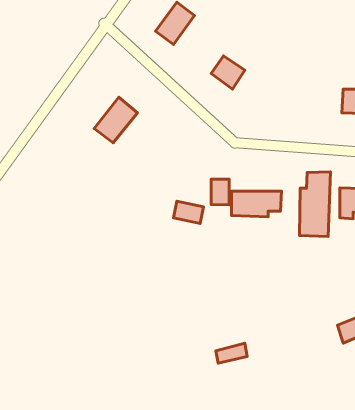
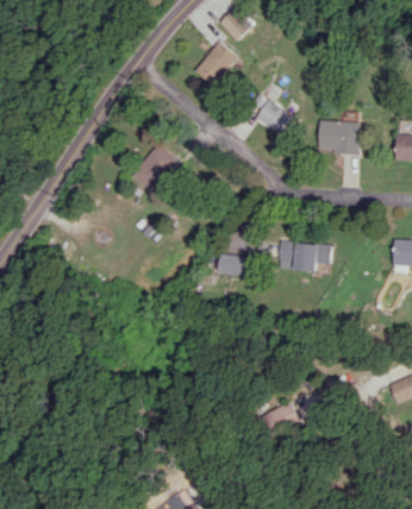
building: none -> [318,120,360,153]
building: [300,172,330,237] -> none
building: [211,179,229,205] -> none

